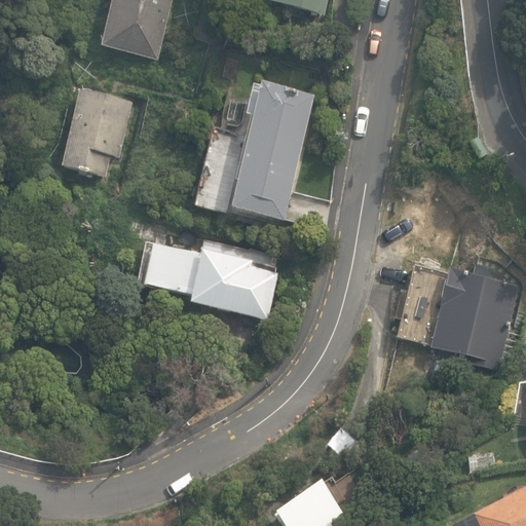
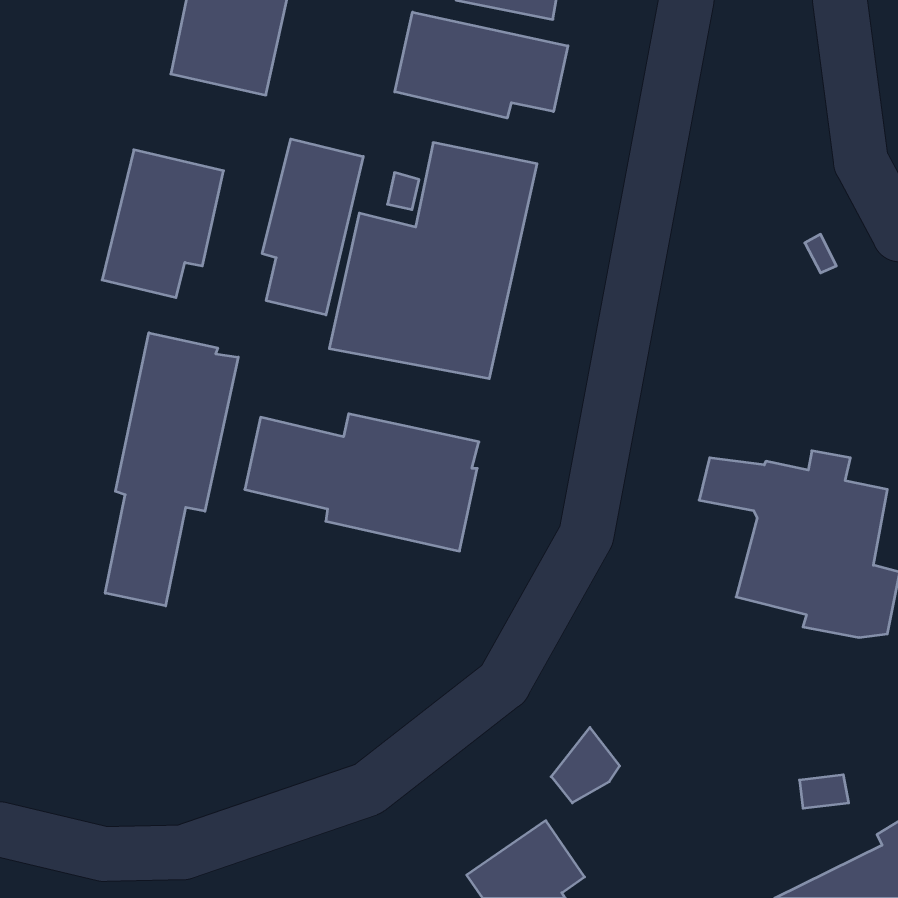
building: none -> [395,12,568,118]
building: none -> [262,139,363,315]
building: none -> [105,333,238,606]

